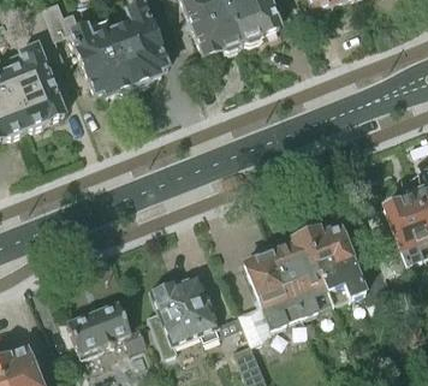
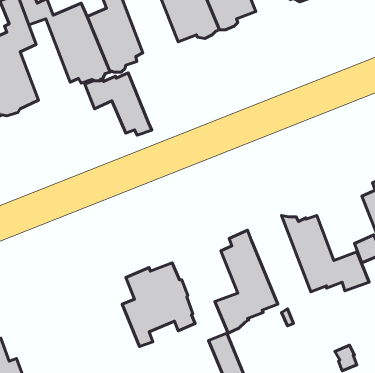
building: none -> [85,73,152,135]
building: [275,226,334,316] -> none
building: [69,301,147,356] -> none

